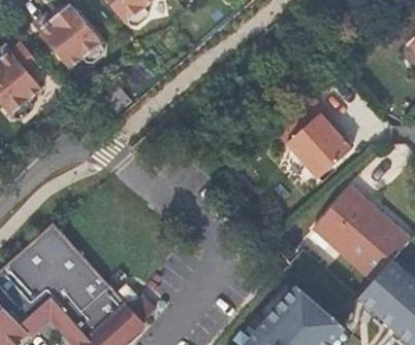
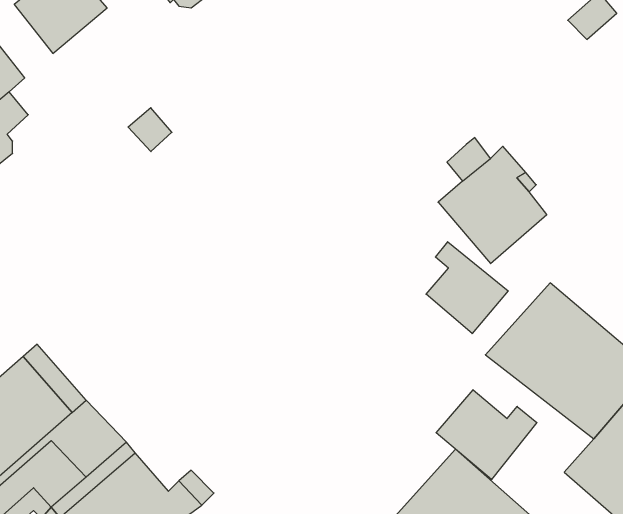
building: [58,26,104,68] -> none
building: none -> [426,242,508,334]
building: none -> [436,390,537,480]

